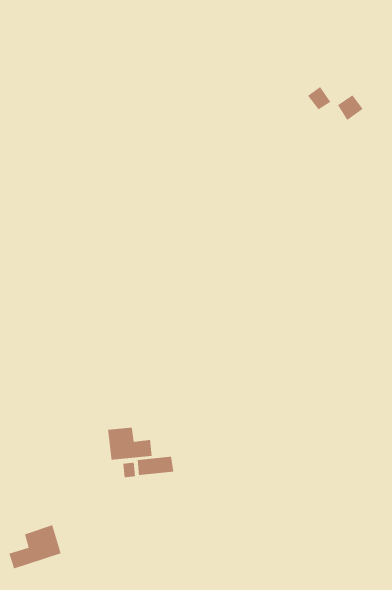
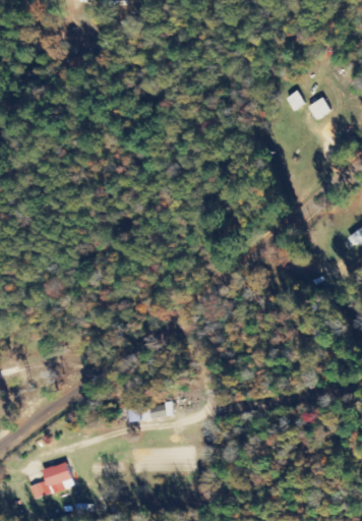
building: [107,427,152,460] -> none

